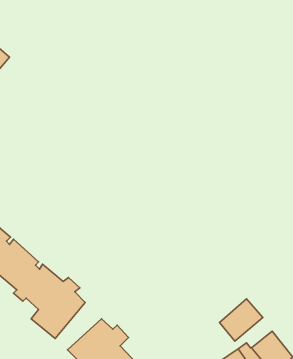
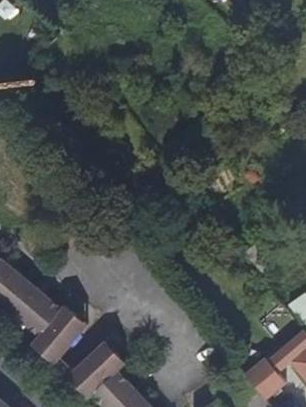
building: [219,299,263,341] -> none

